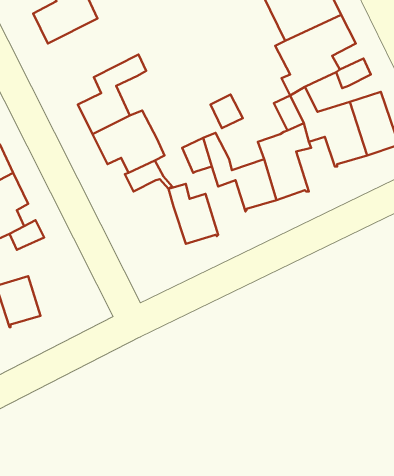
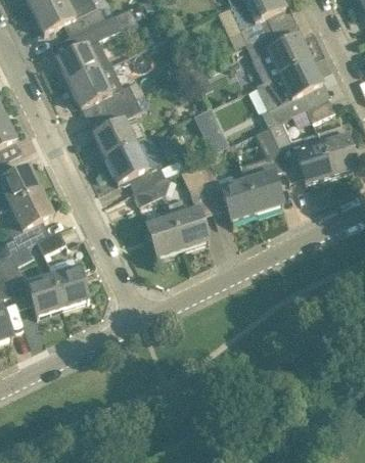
building: none -> [69,61,143,110]
building: none -> [145,217,182,258]
building: none -> [52,265,89,307]

